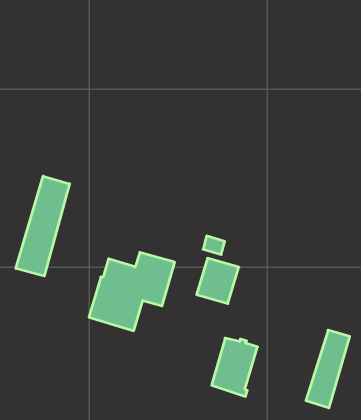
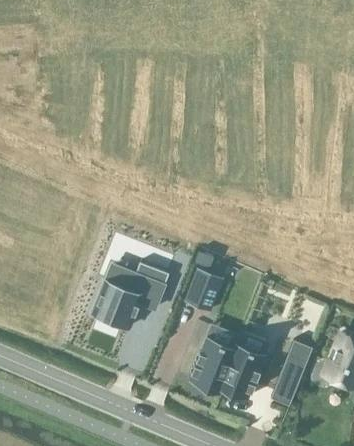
building: [16,176,70,276] -> none
building: none -> [219,344,264,395]

